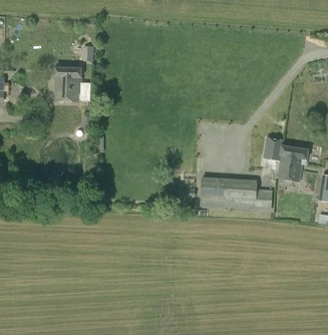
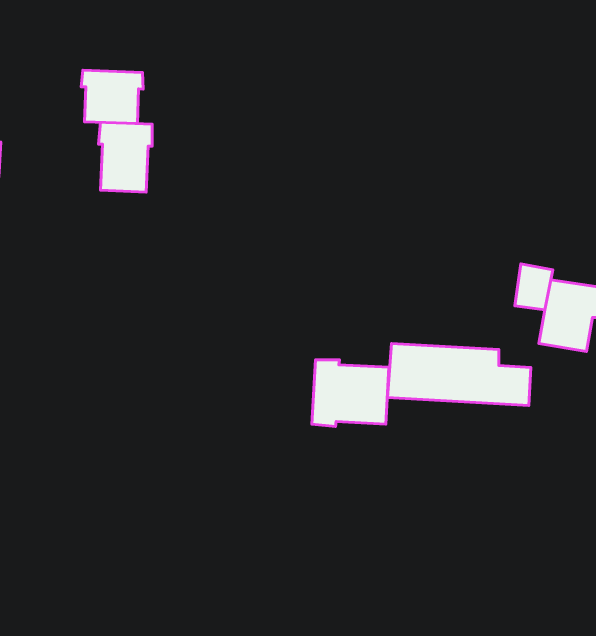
building: none -> [81,70,143,124]
building: none -> [312,360,389,426]

